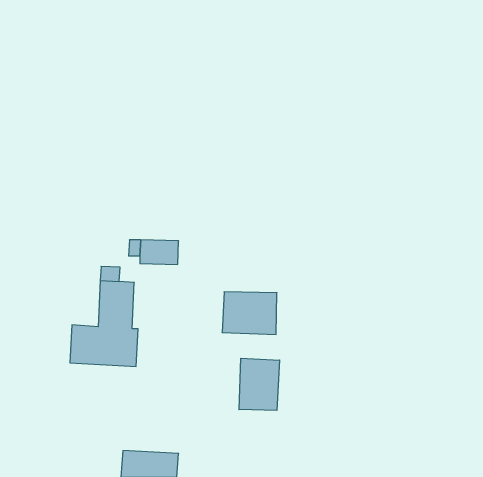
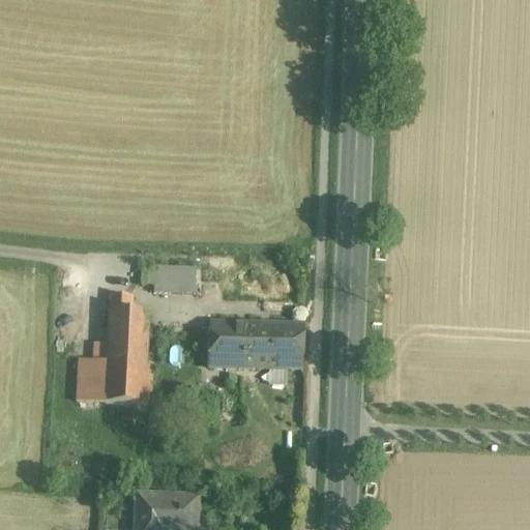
building: none -> [209,319,245,364]
building: [239,358,280,410] -> none

